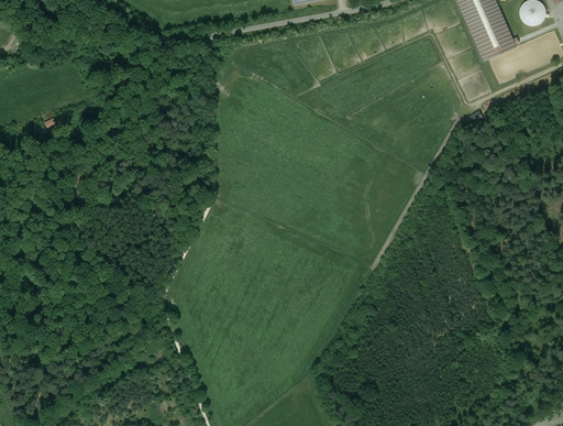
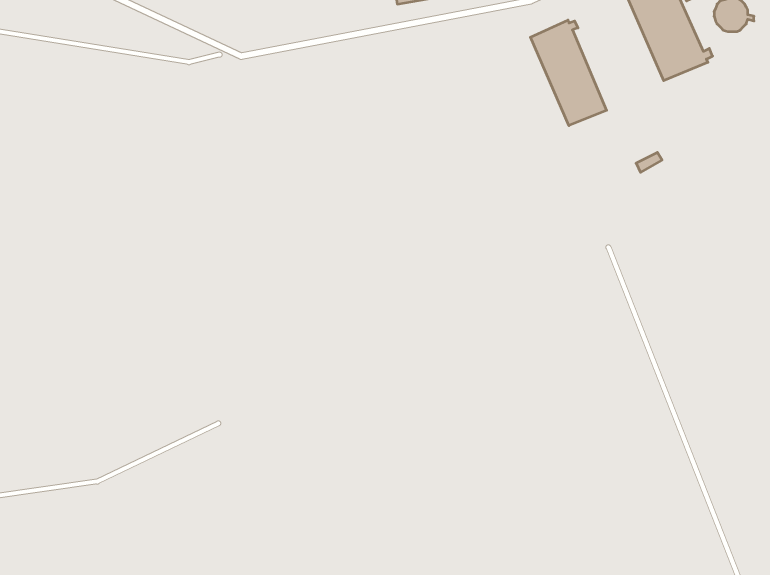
building: none -> [530,20,607,126]

